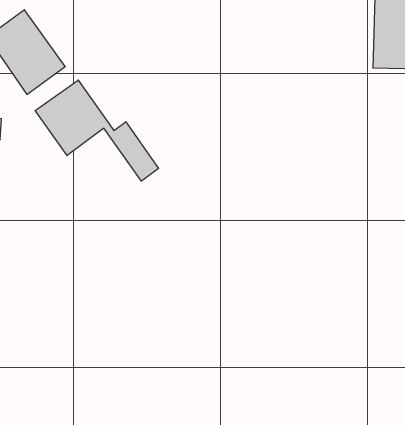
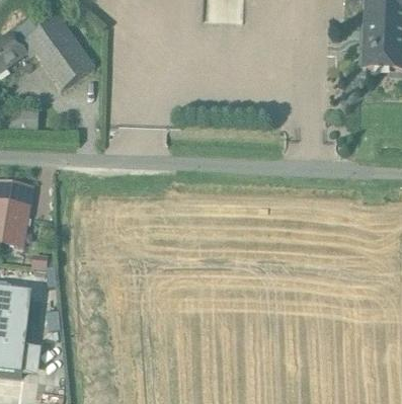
building: [35,80,159,181] -> none

